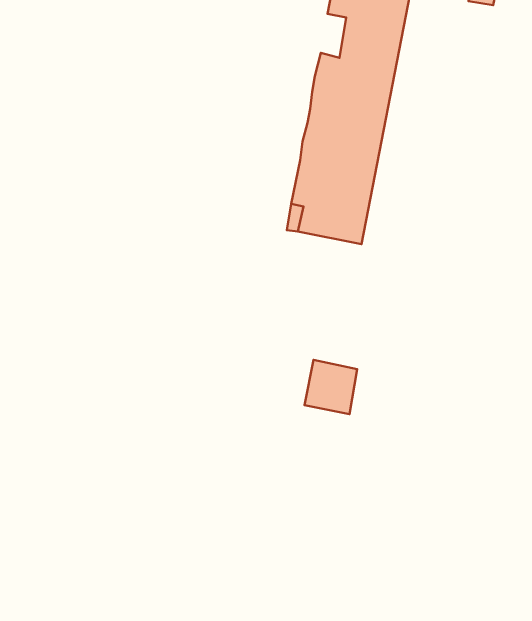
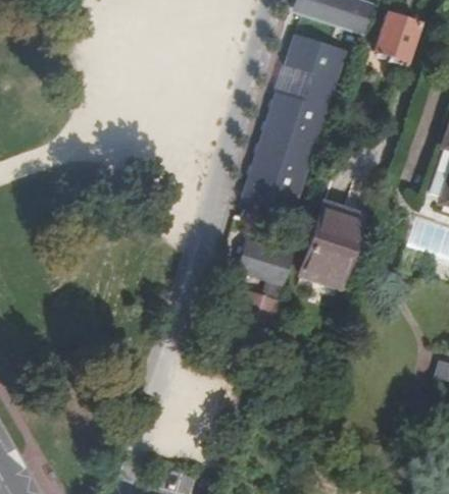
building: none -> [296,207,358,298]
building: none -> [238,240,290,284]

